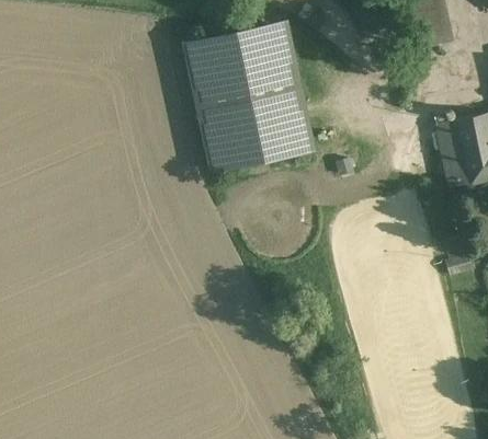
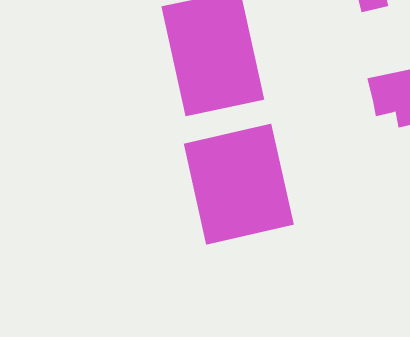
building: none -> [183,123,294,246]

